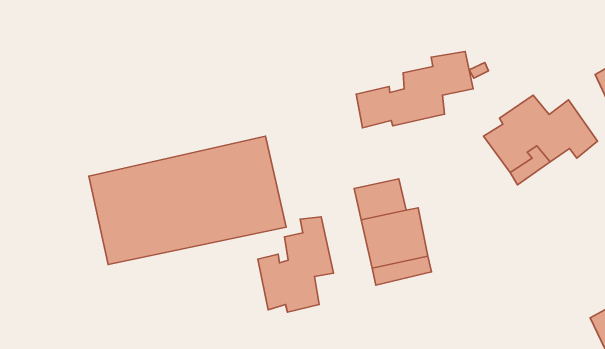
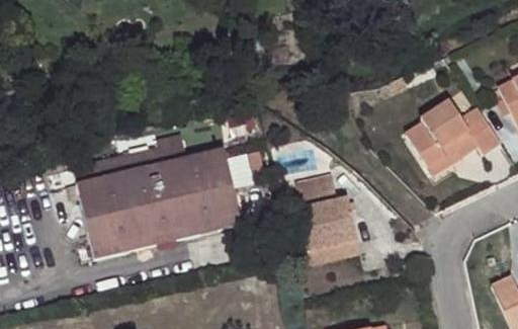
building: [356,51,473,128] -> none
building: [258,217,333,312] -> none

